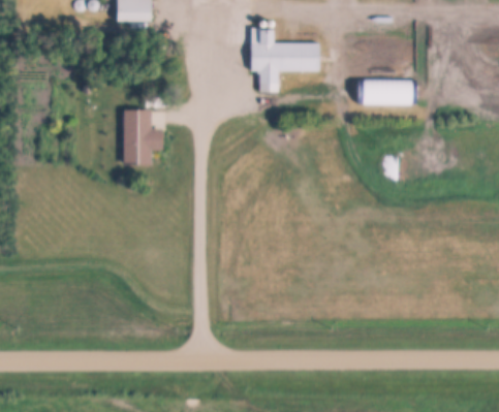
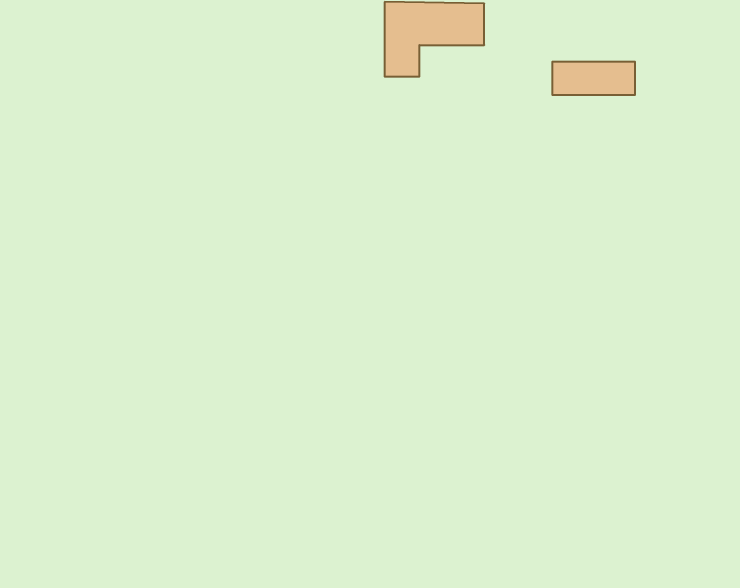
building: [126,105,160,159] -> none

